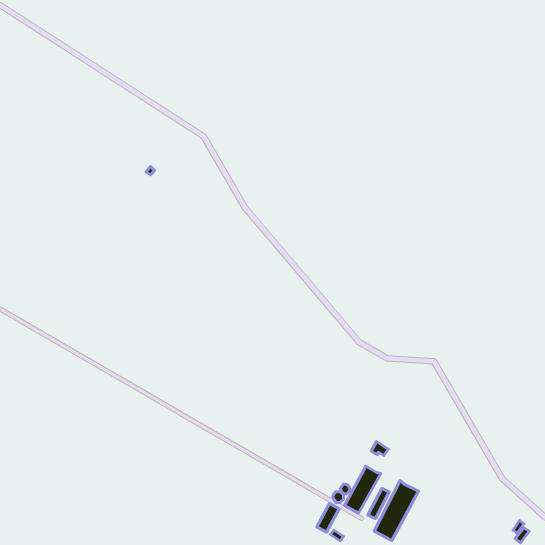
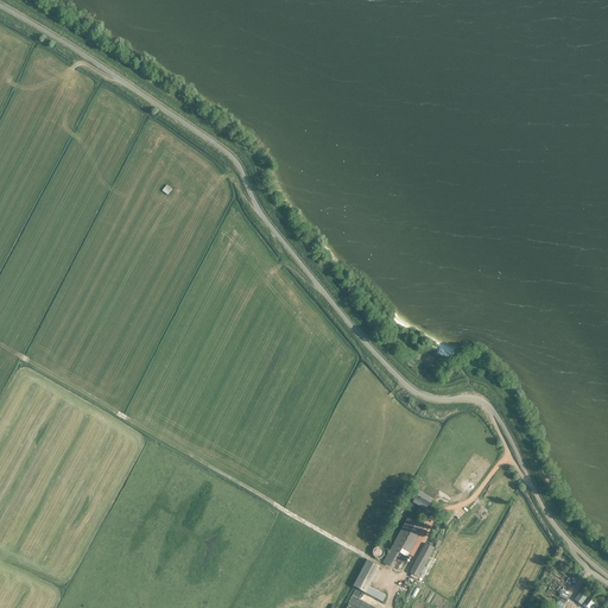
building: [374,480,418,541] -> none

